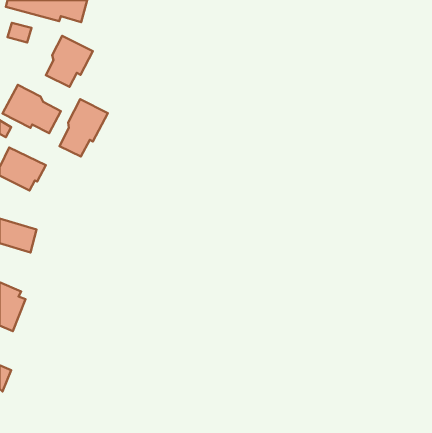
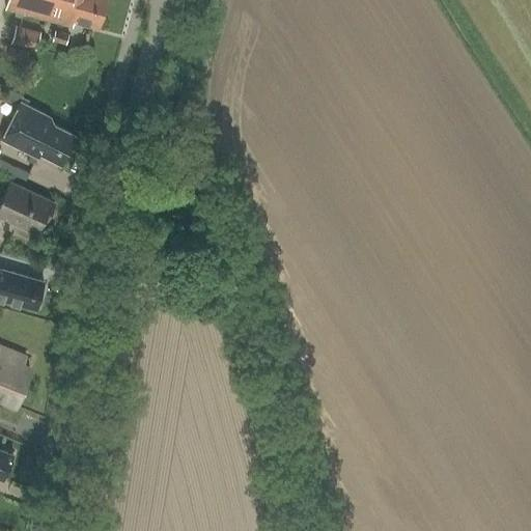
building: [46,36,93,87] -> none
building: [59,99,108,157] -> none

